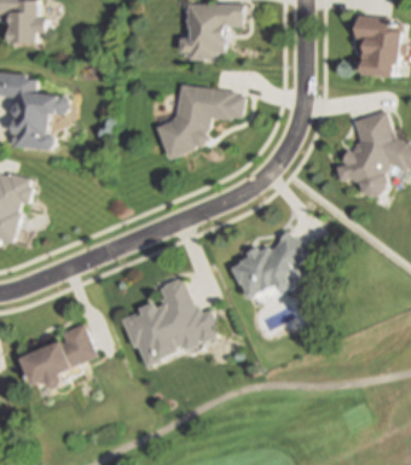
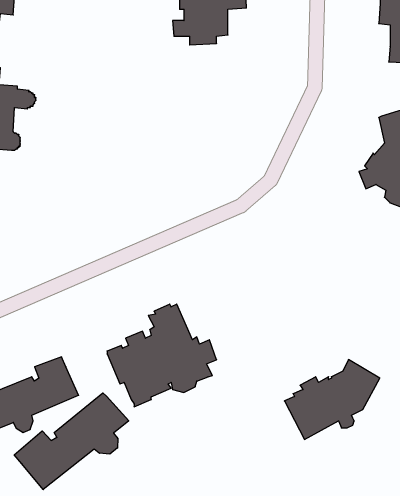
building: [152,86,245,159] -> none
building: [231,232,312,300] -> [284,360,380,439]
building: none -> [14,393,129,490]

